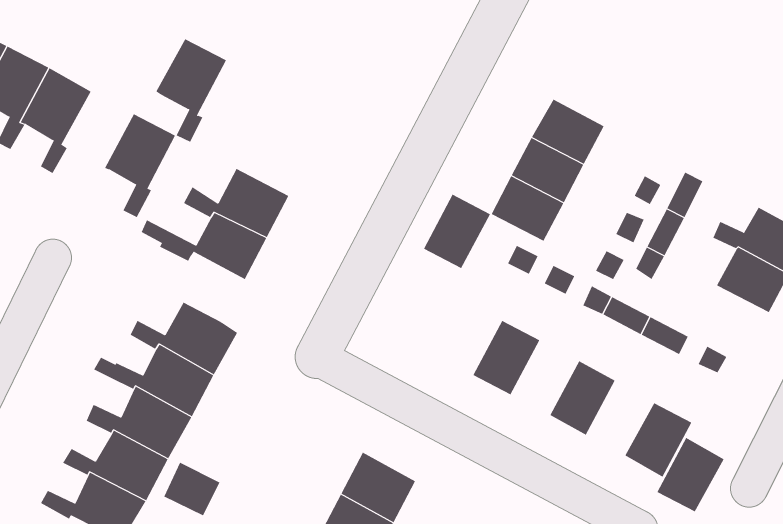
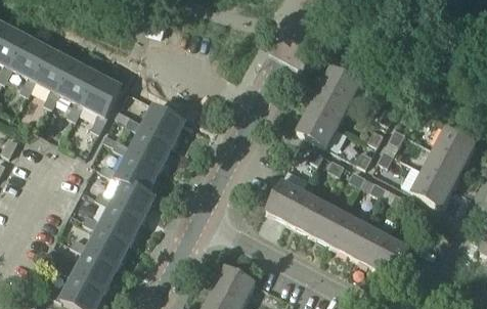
building: [156,38,227,143] -> [57,60,97,119]
building: [423,194,491,269] -> [265,177,303,219]
building: none -> [100,150,160,189]
building: none -> [411,169,452,206]
building: none -> [308,191,346,241]
building: [657,437,724,512] -> [350,222,388,264]
building: [164,462,220,516] -> none

